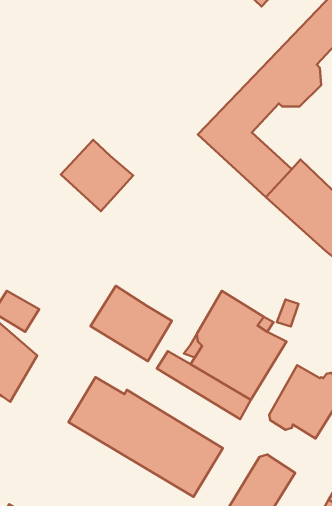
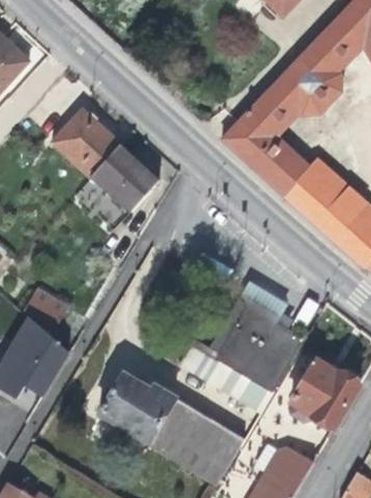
building: none -> [52,108,121,177]
building: [91,286,172,361] -> none

